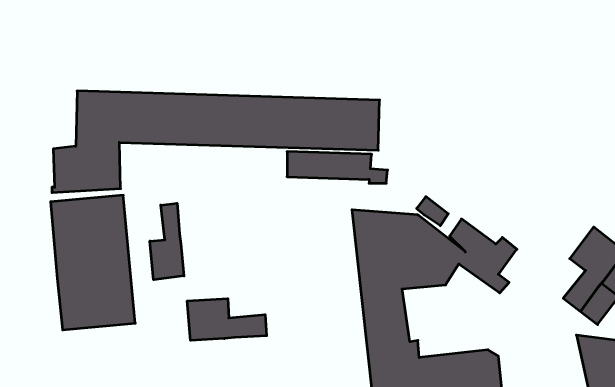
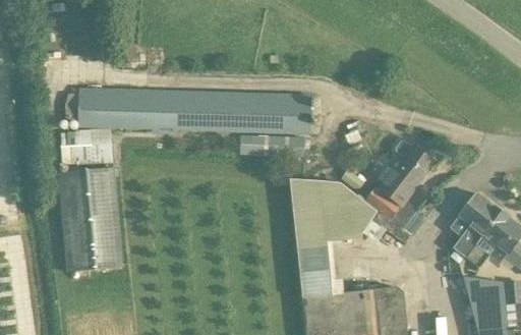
building: none -> [380,141,433,205]
building: [150,203,184,280] -> none
building: [187,299,267,340] -> none

